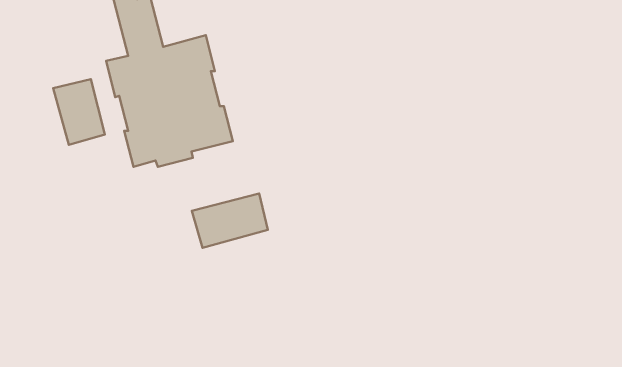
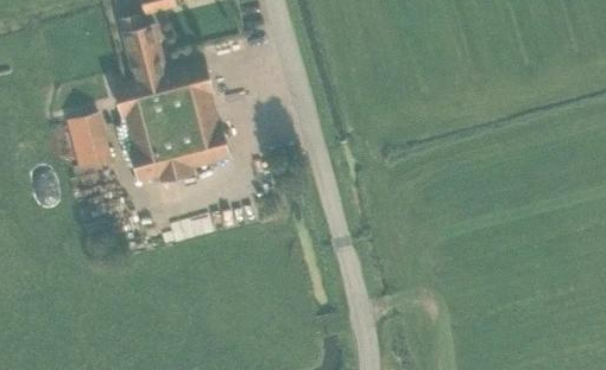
building: [192,193,268,248] -> none

